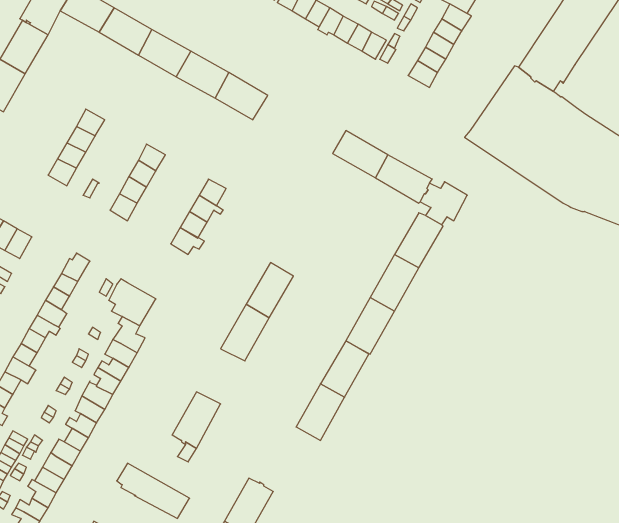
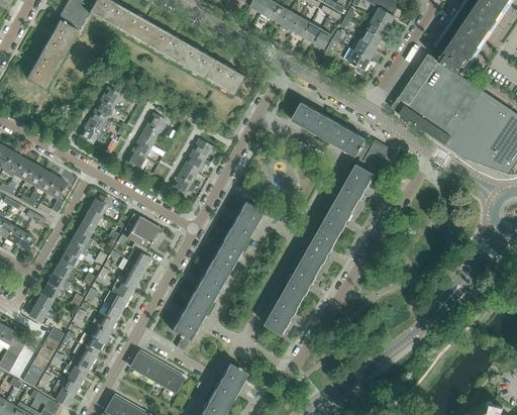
building: none -> [190,266,226,307]

